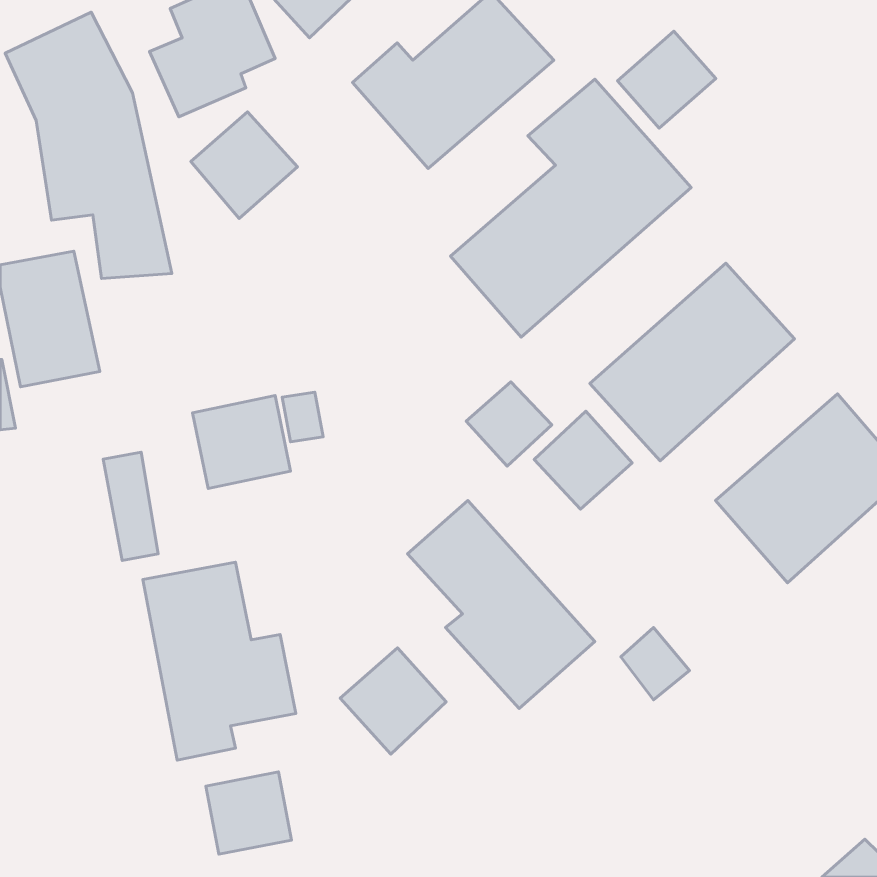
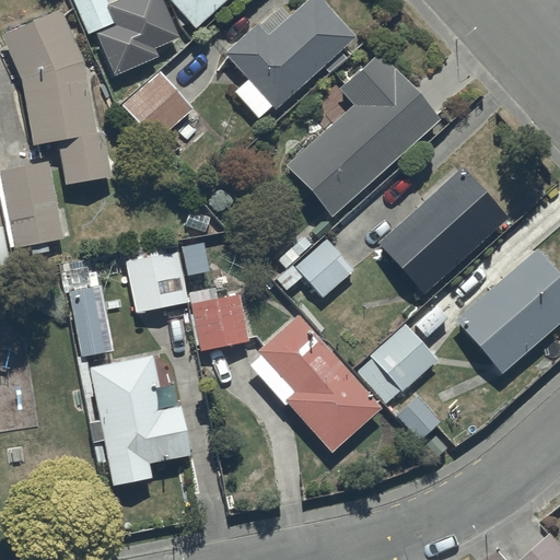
building: [617,31,716,128] -> none
building: [534,411,632,509] -> [373,327,435,389]
building: none -> [192,293,248,348]
building: [340,648,446,754] -> none
building: [206,772,292,854] -> none

